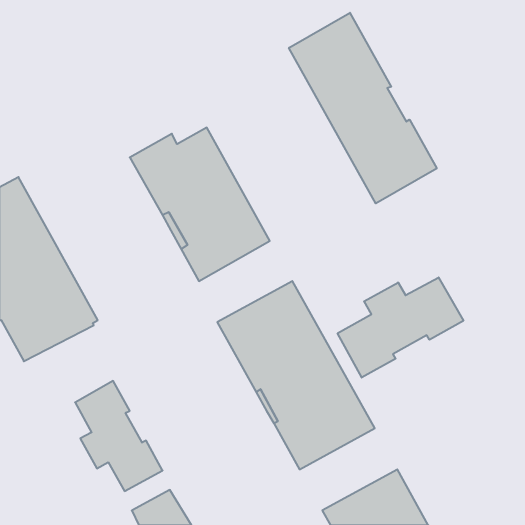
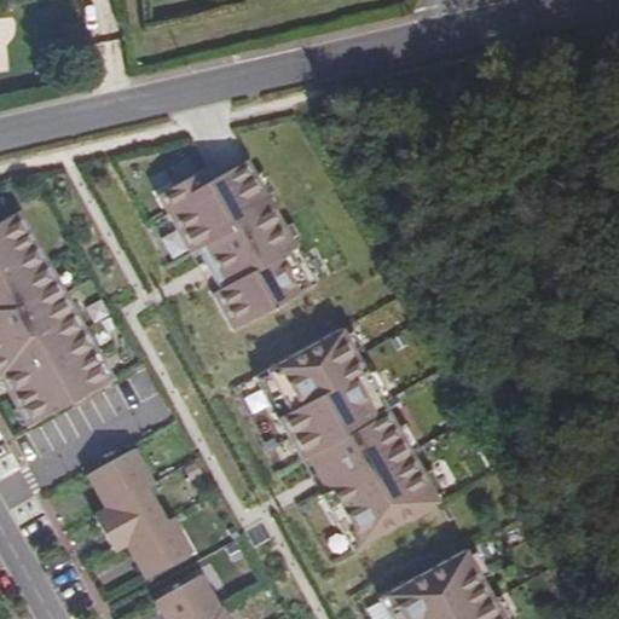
building: [289,13,437,203] -> none
building: [338,277,463,378] -> none

